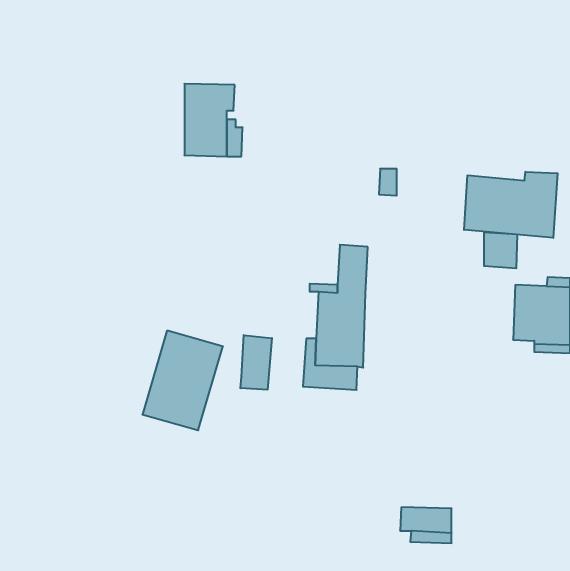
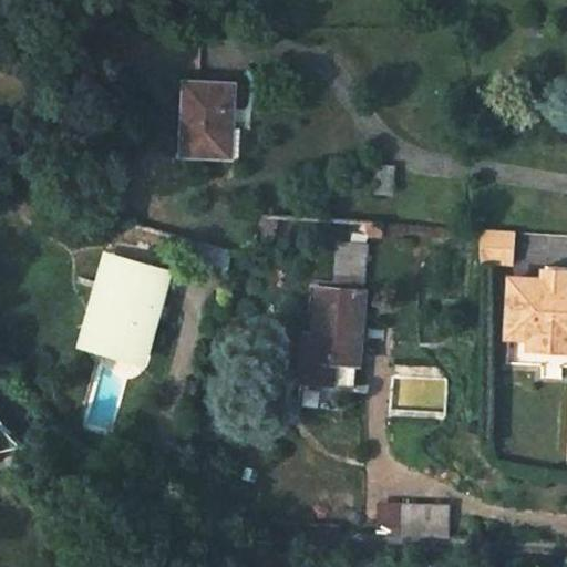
building: [464,172,558,238] -> none
building: [142,331,223,430] -> [83,259,163,358]
building: [240,335,272,390] -> none

